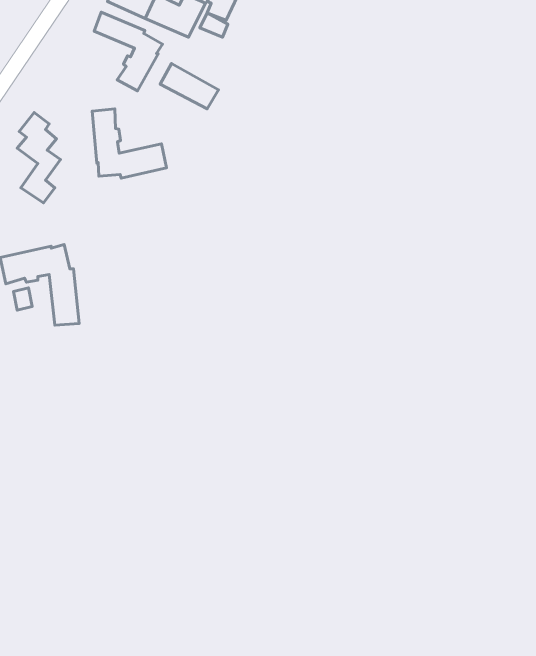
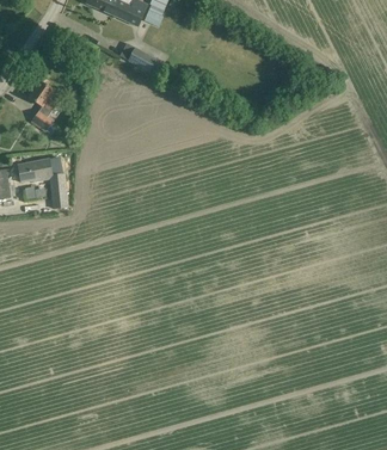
building: [94,12,163,91] -> none
building: [92,109,167,178] -> none

